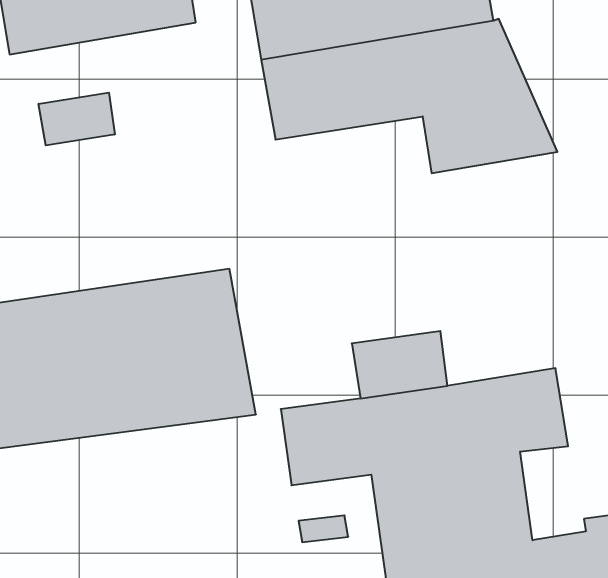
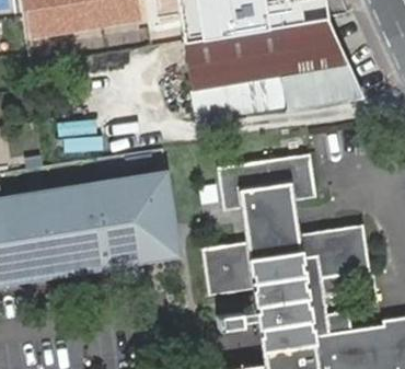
building: [39,93,115,145] -> none
building: none -> [192,77,288,123]
building: none -> [215,160,316,219]

